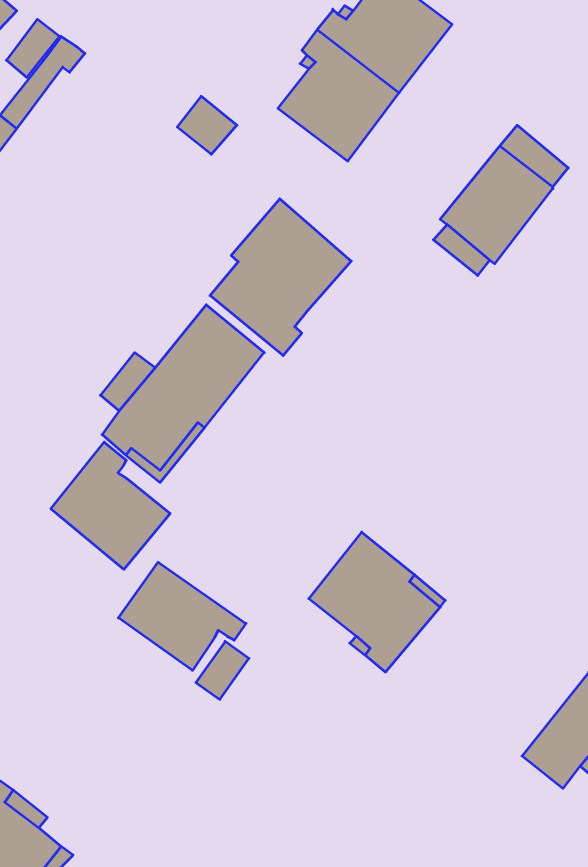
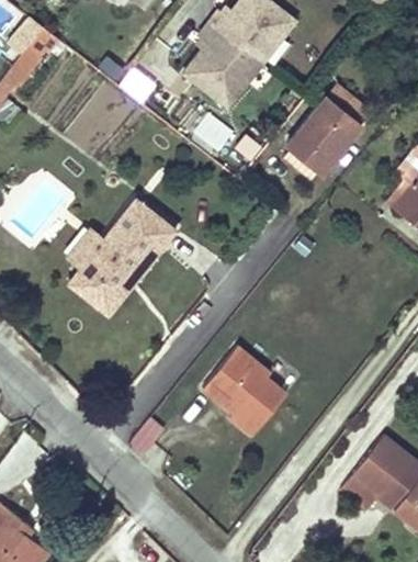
building: [210,199,351,356] -> none
building: [51,442,170,569] -> none
building: [118,562,246,670] -> none

